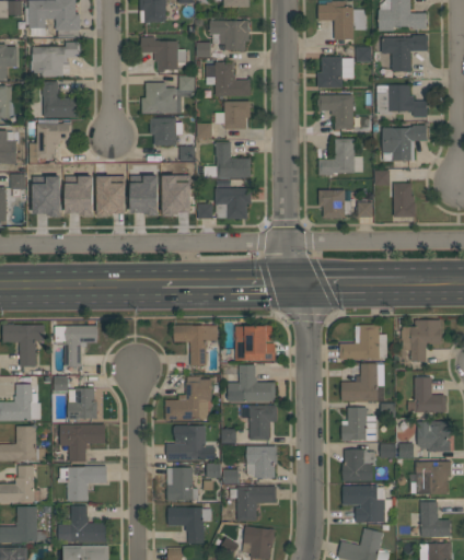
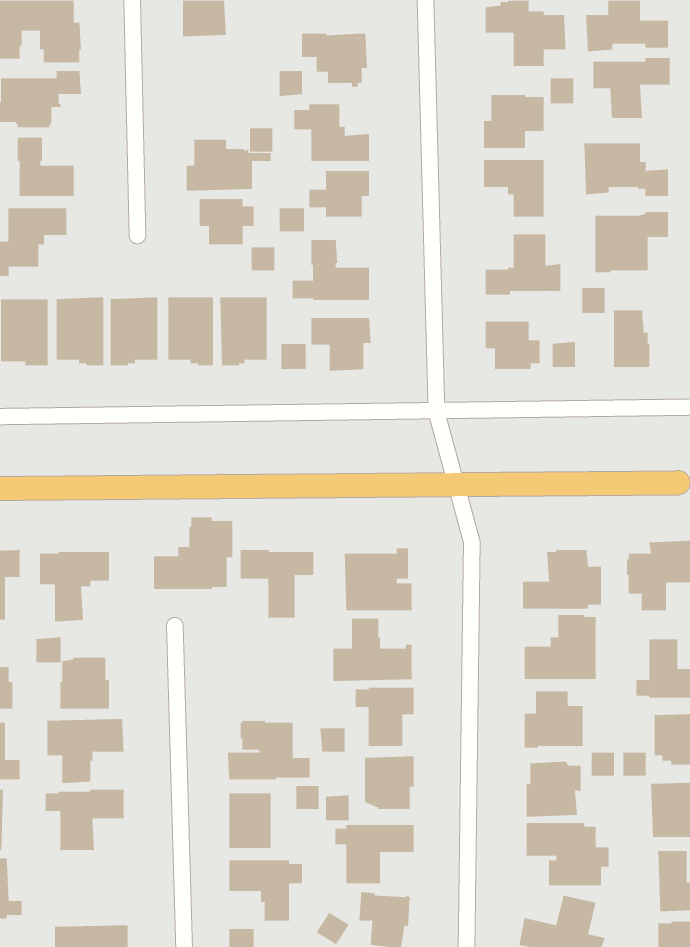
building: [141,37,186,73] -> none
building: [165,377,212,420] -> [153,517,233,589]
building: [58,506,106,542] -> none

